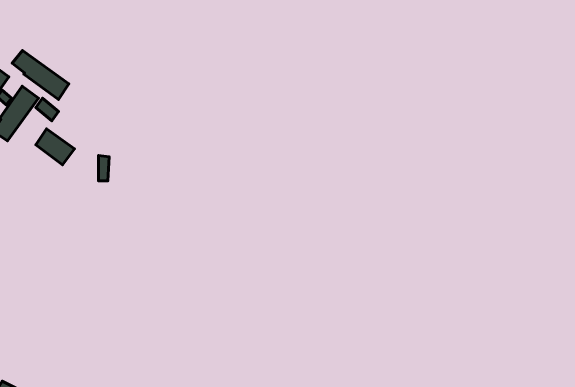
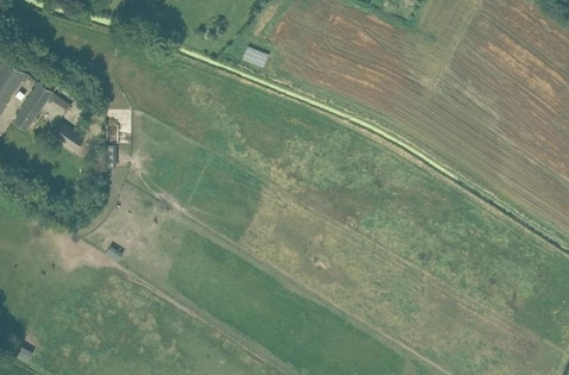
building: [12,50,69,99] -> none

